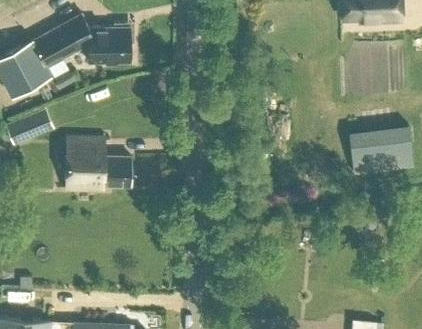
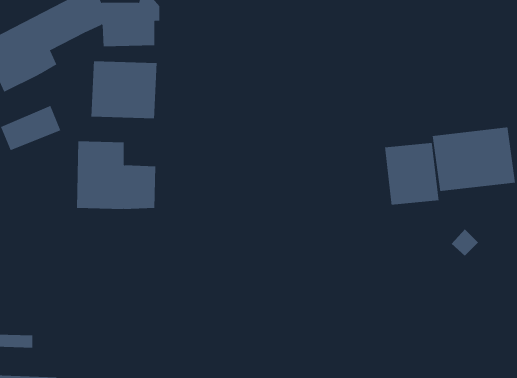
building: none -> [91,61,157,119]
building: none -> [384,142,439,206]

